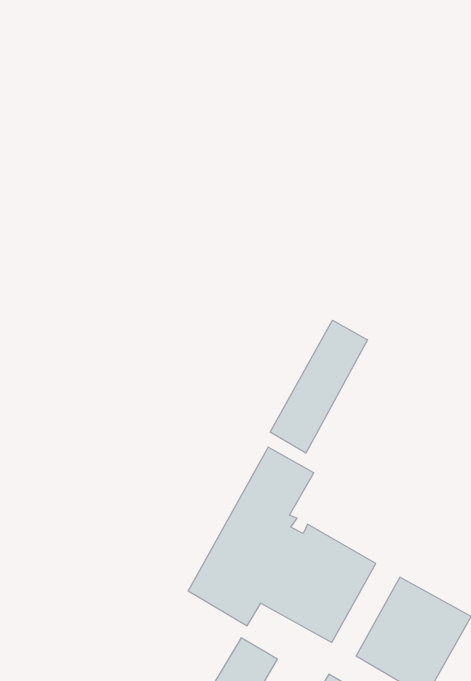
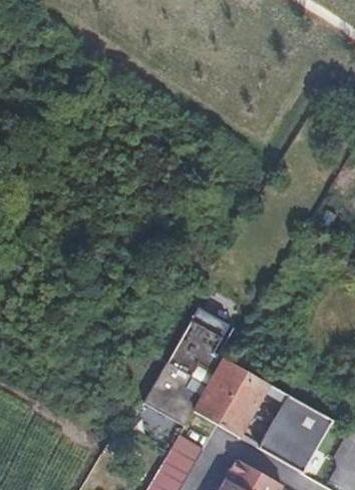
building: [270,320,368,453] -> none

